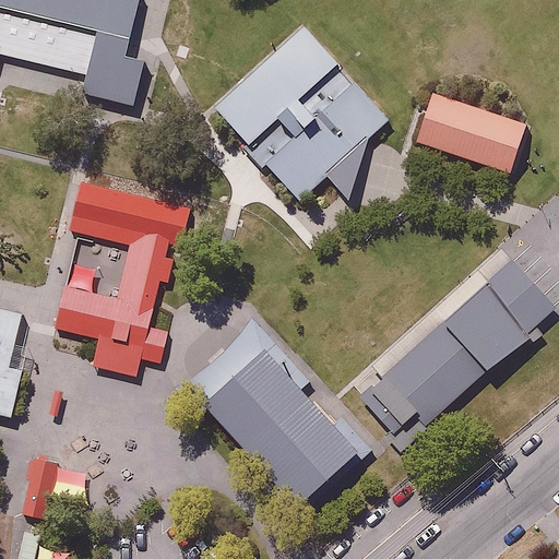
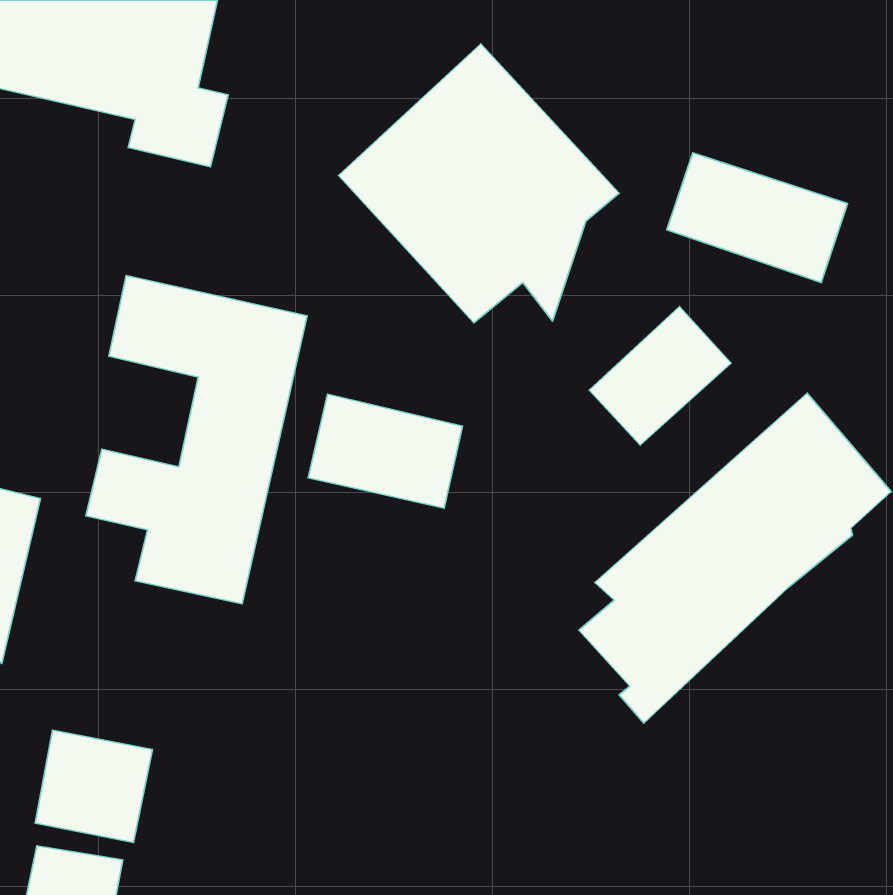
building: none -> [589,306,731,445]
building: none -> [308,394,463,508]
building: [189,319,371,499] -> none

